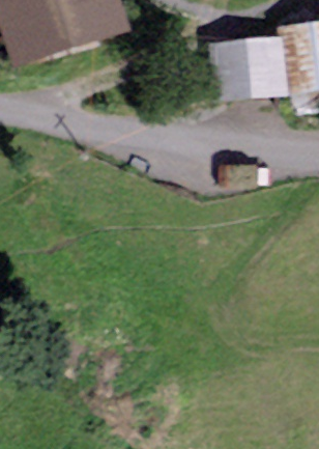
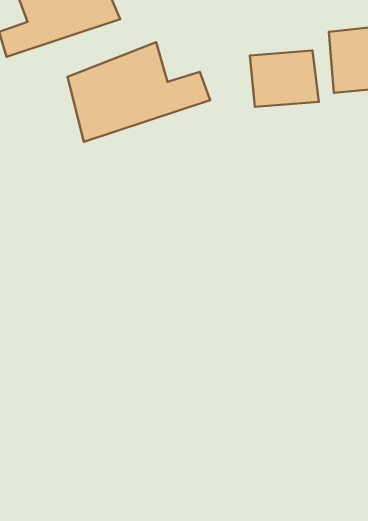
building: none -> [68,42,210,142]

